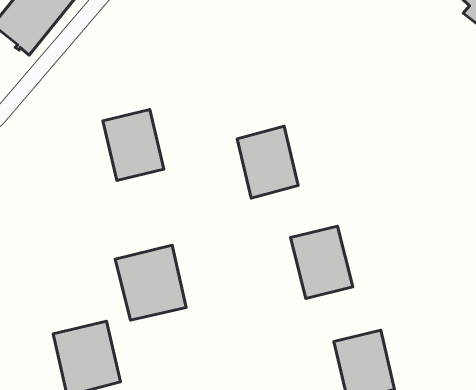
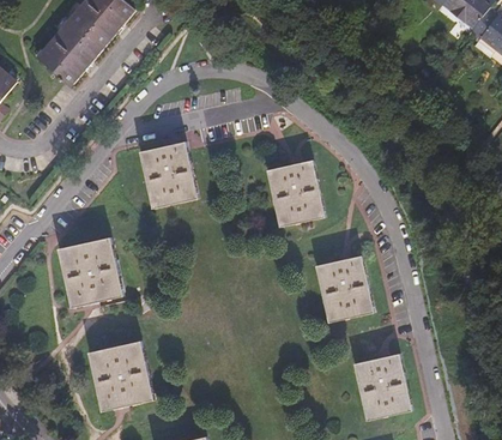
building: [115,245,186,320] -> [56,236,123,307]

